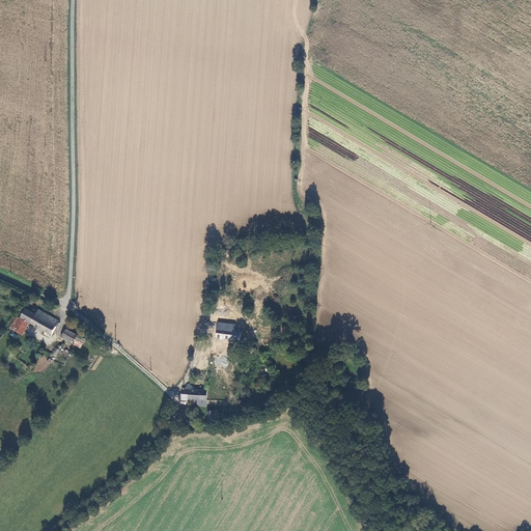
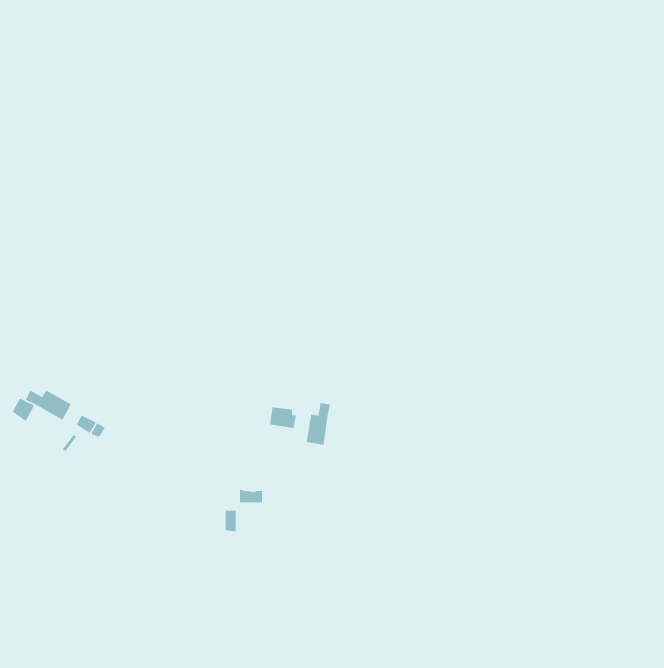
building: none -> [306,402,331,445]

